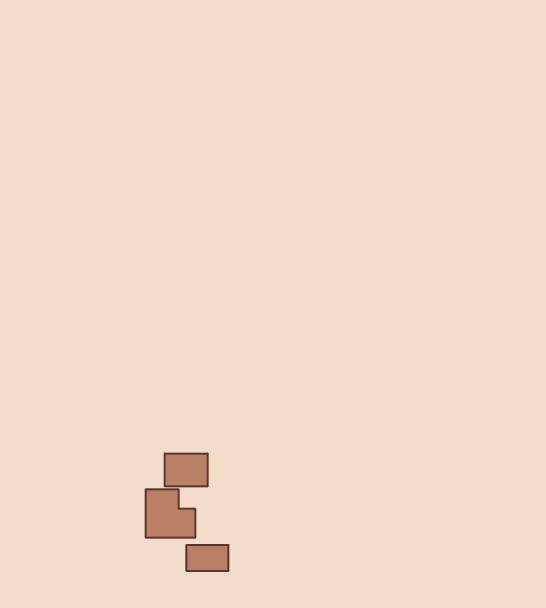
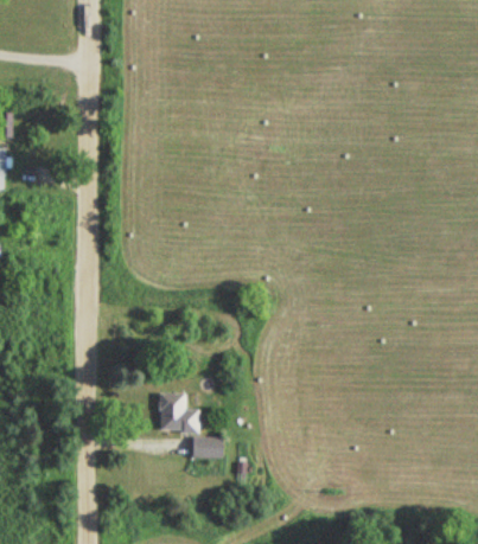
building: [165,453,208,486] -> none

